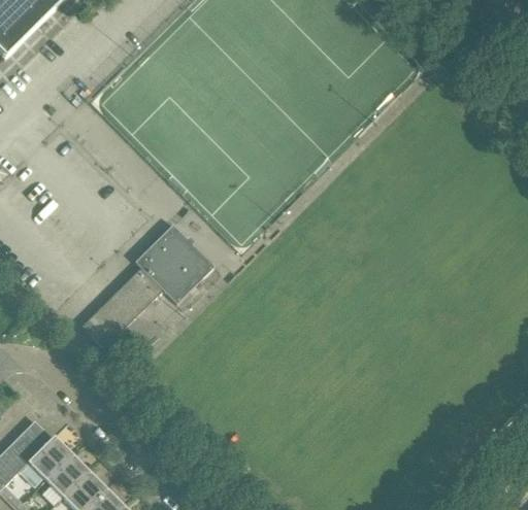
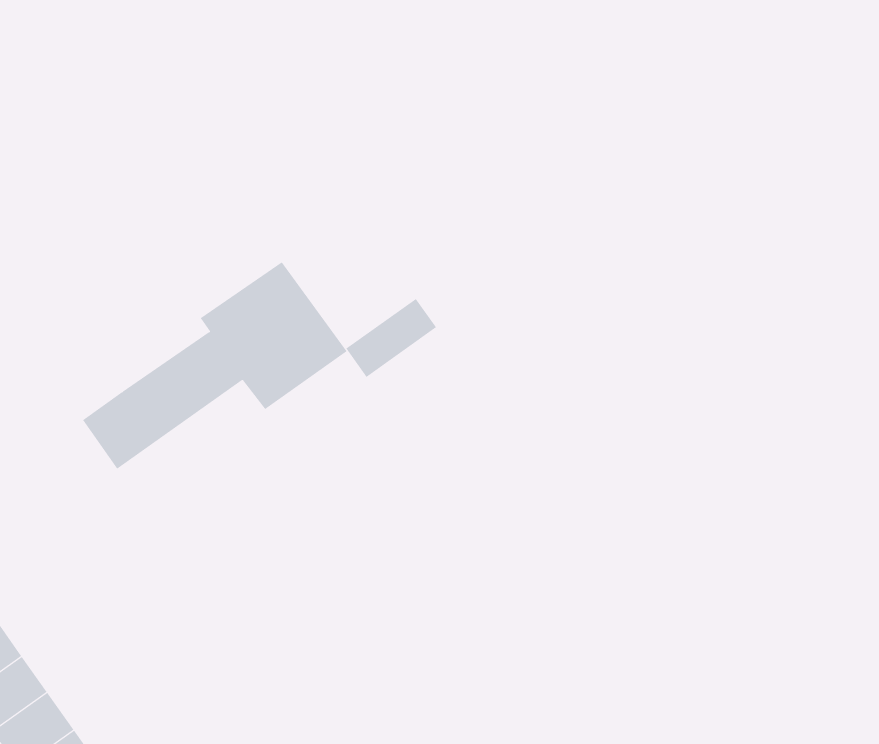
building: none -> [345,298,437,378]

